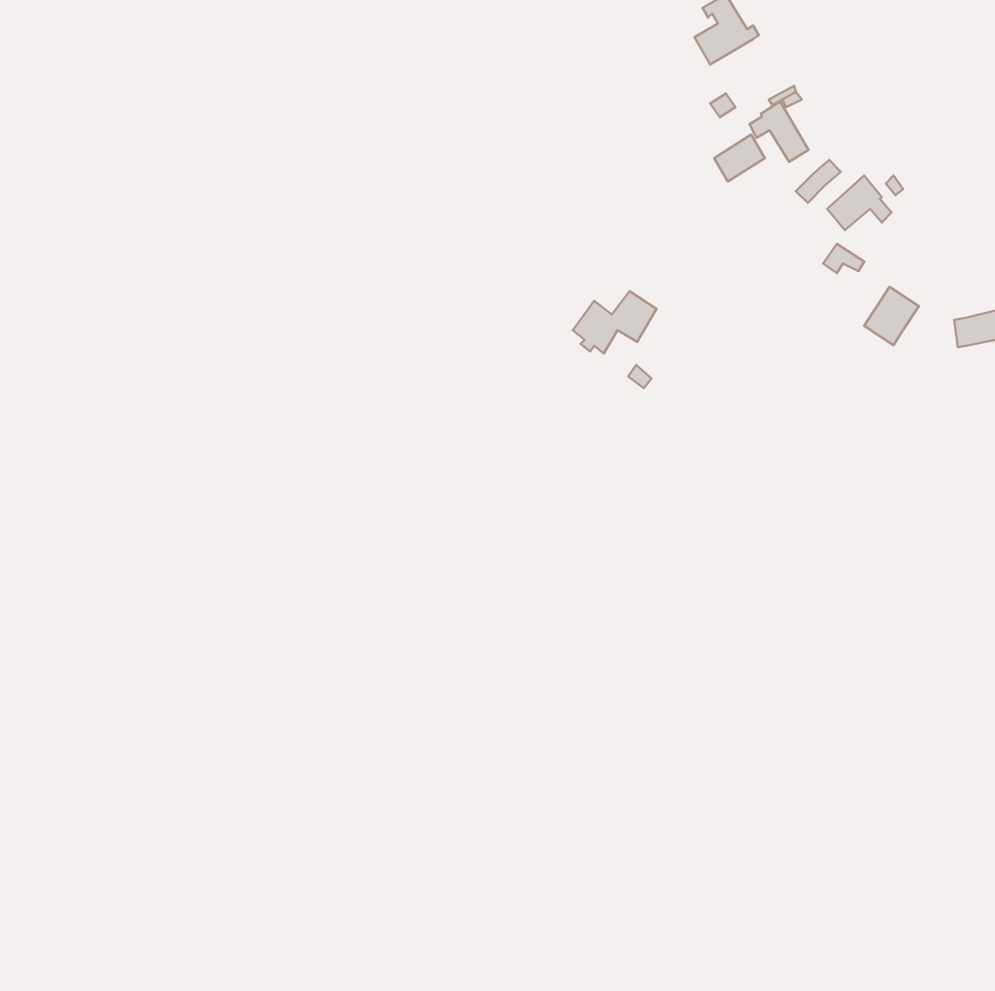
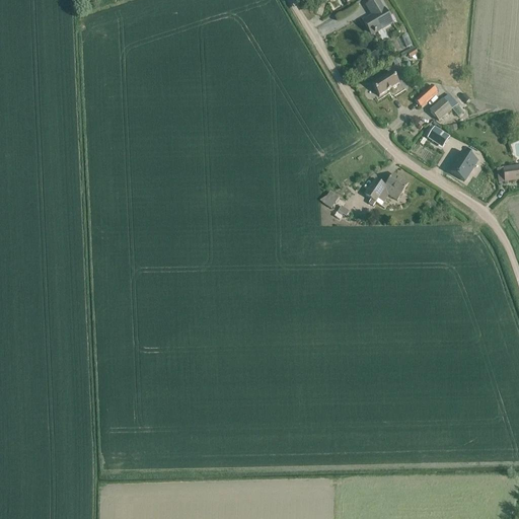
building: [749,101,808,162] -> none
building: [573,291,657,354] -> [365,172,409,205]

